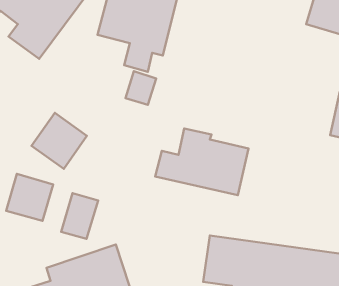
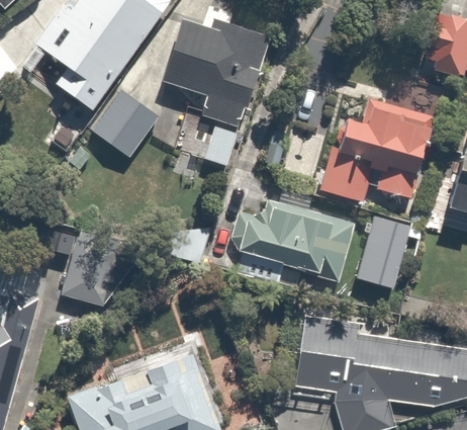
building: none -> [321,99,442,204]
building: [32,113,87,169] -> [88,88,156,157]
building: none -> [356,216,408,286]
building: [61,193,98,239] -> none

